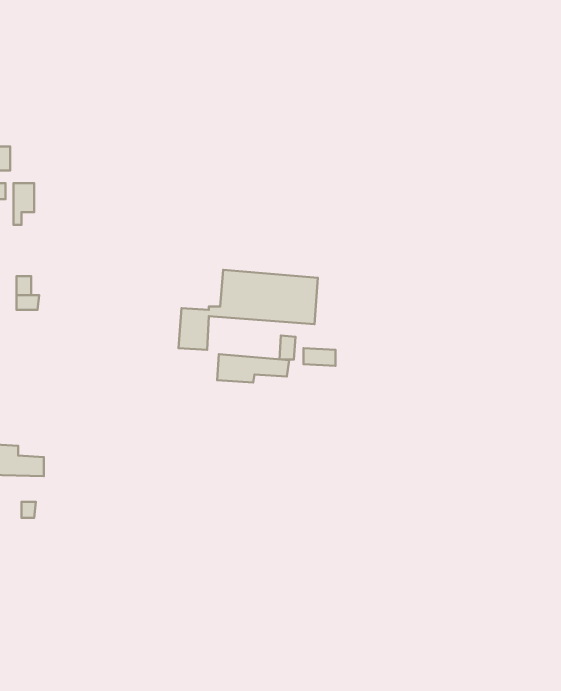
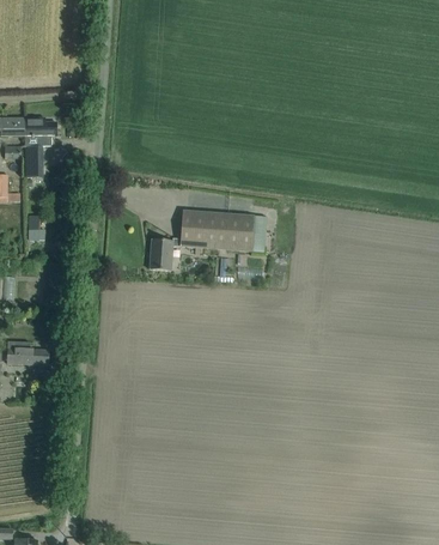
building: none -> [24,117,56,145]
building: [217,354,289,382] -> none

